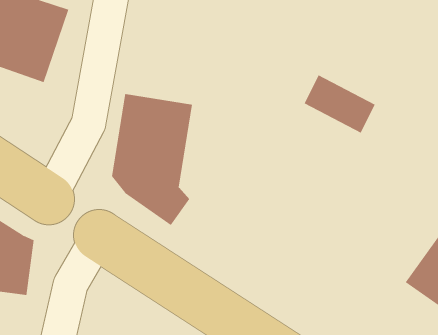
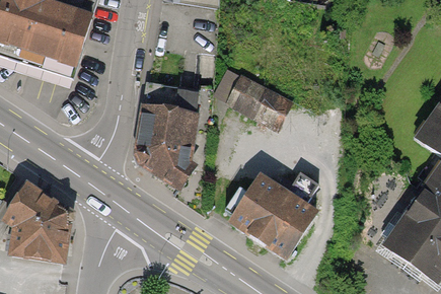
building: [304,75,376,133] -> [225,75,286,125]
building: none -> [229,172,322,261]

